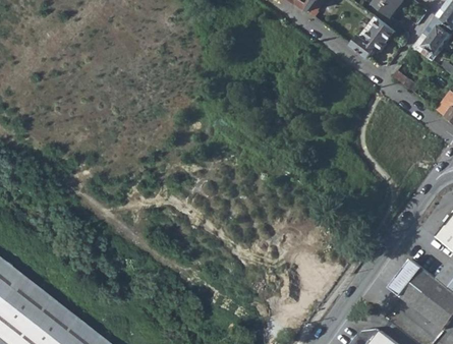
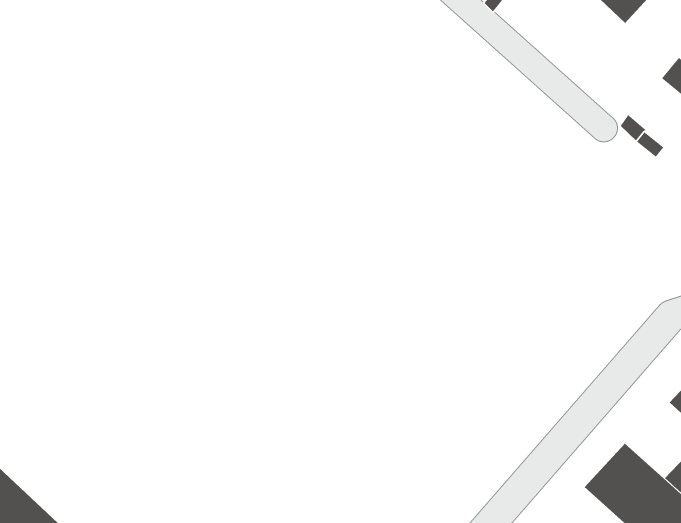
building: [354,18,397,60] -> none

